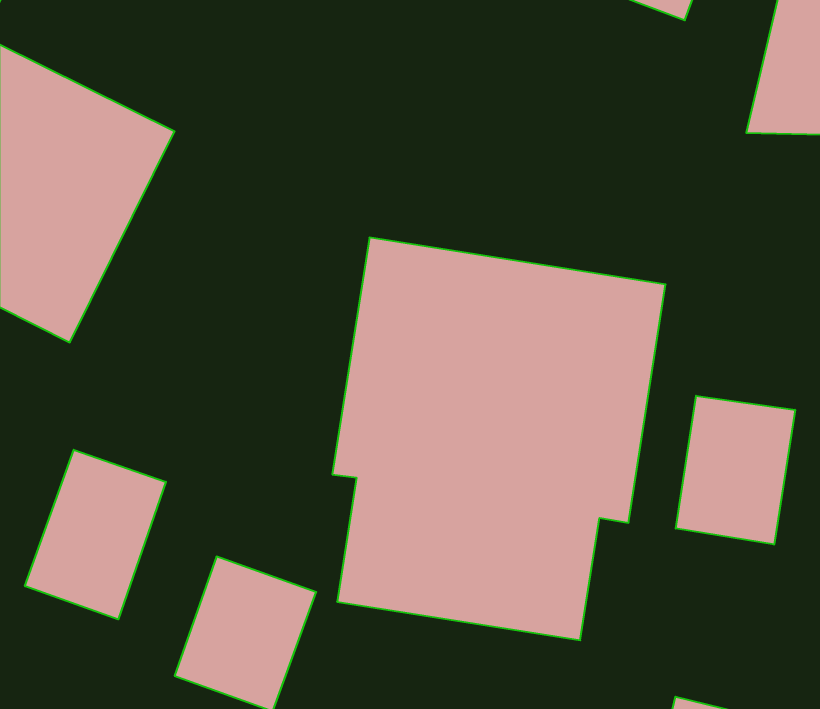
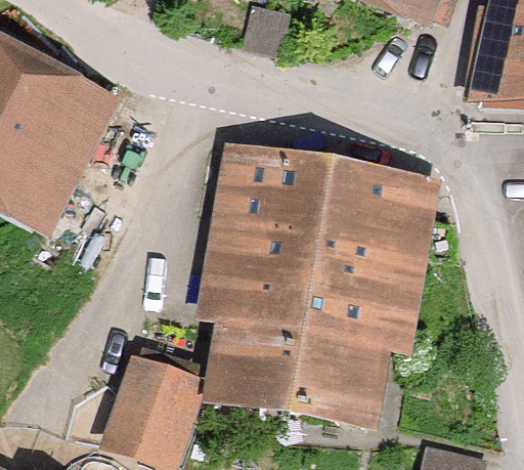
building: [676,396,795,545] -> none
building: [25,450,166,619] -> none

